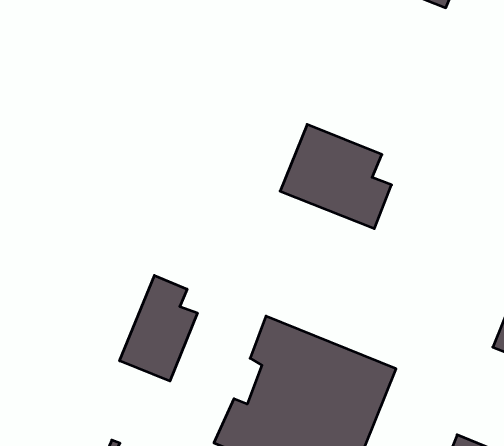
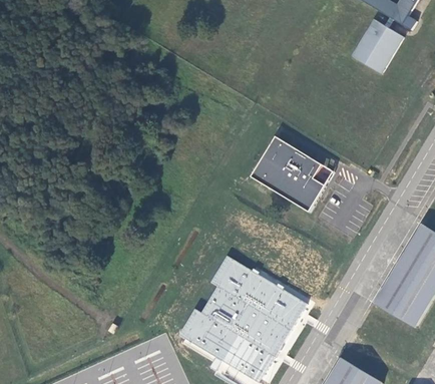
building: [120,275,197,381] -> none

